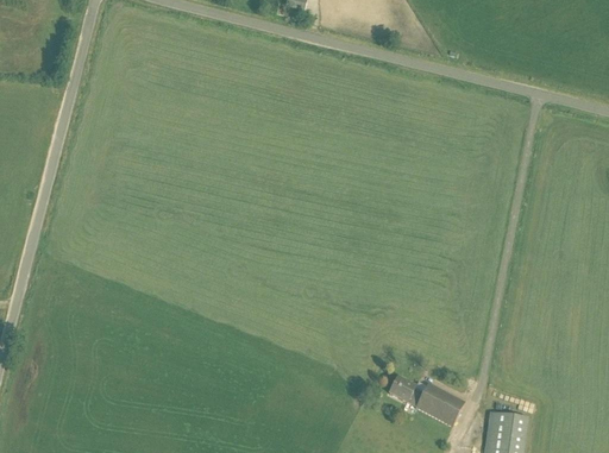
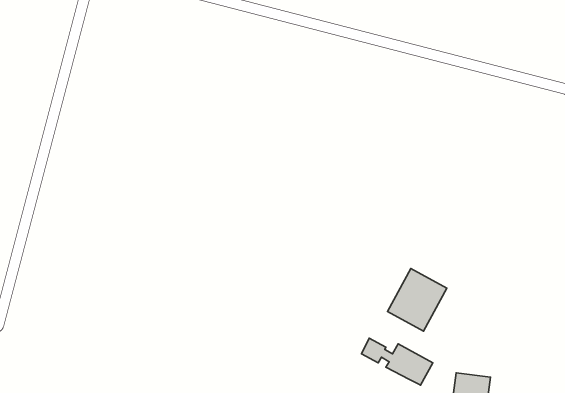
building: none -> [387,268,447,331]

